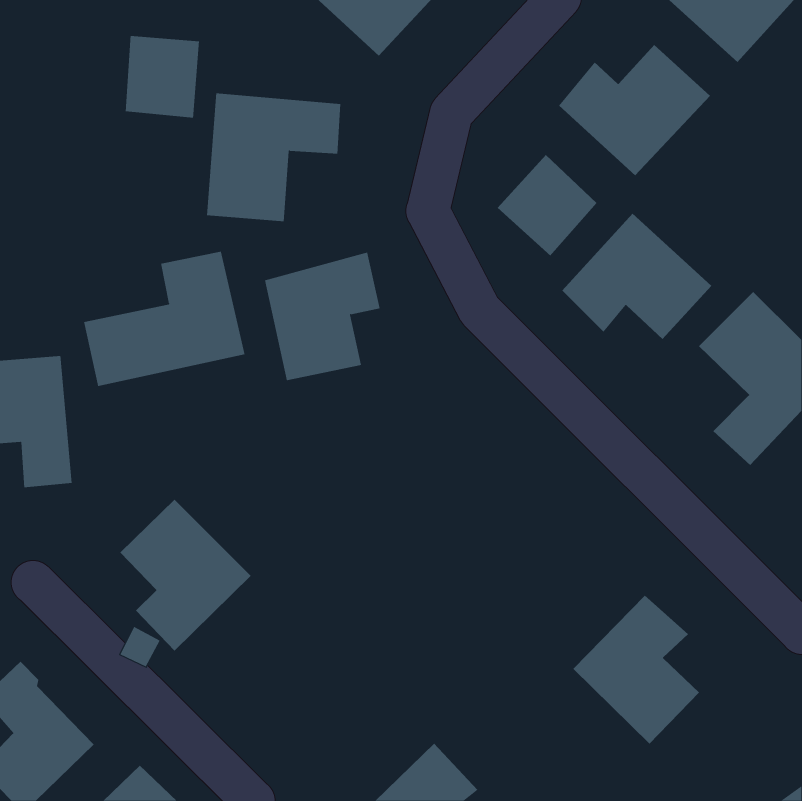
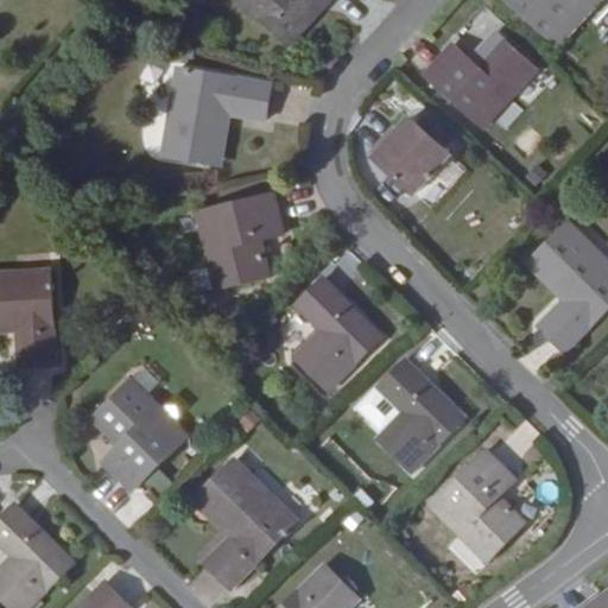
building: [125,35,200,118] -> none
building: [562,213,712,340] -> none
building: [84,251,245,387] -> none
building: none -> [293,273,382,388]
building: none -> [373,354,462,471]
building: none -> [190,454,299,587]

